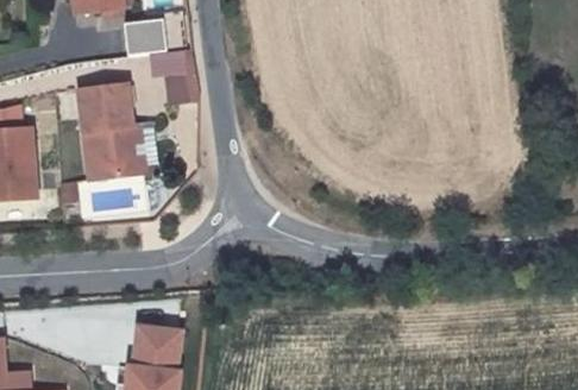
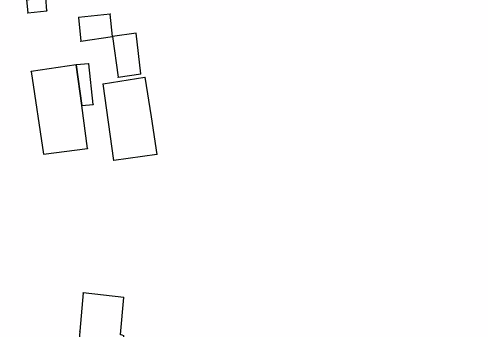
building: none -> [103,77,157,160]

